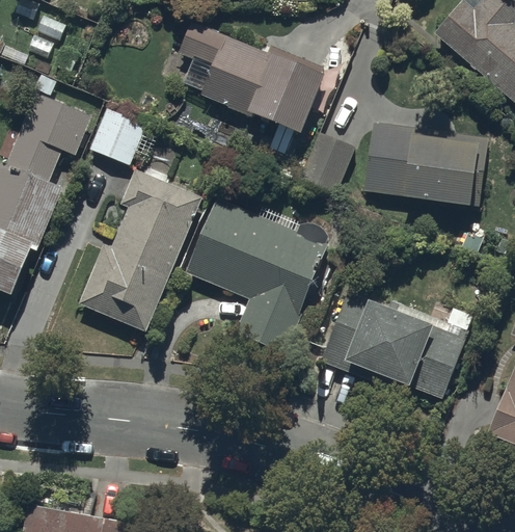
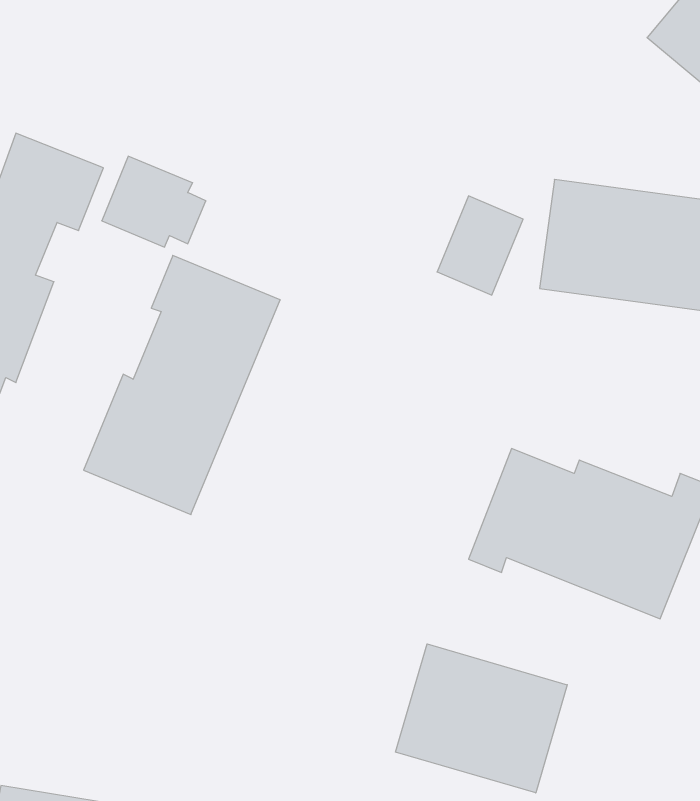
building: [178,21,324,134] -> none
building: [187,197,327,354] -> none
building: none -> [395,644,567,793]

